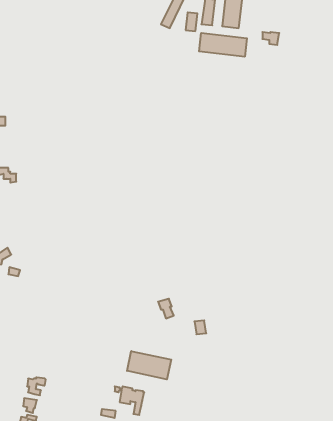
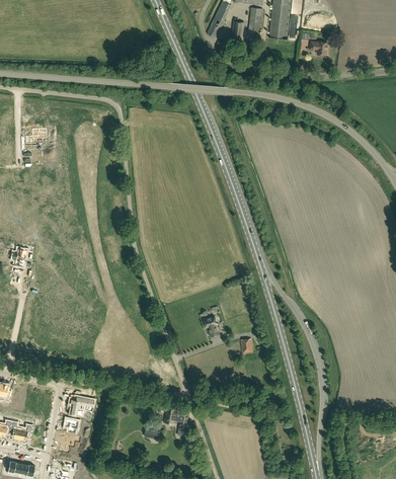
building: [199,33,247,57] -> none
building: [127,351,171,379] -> none

